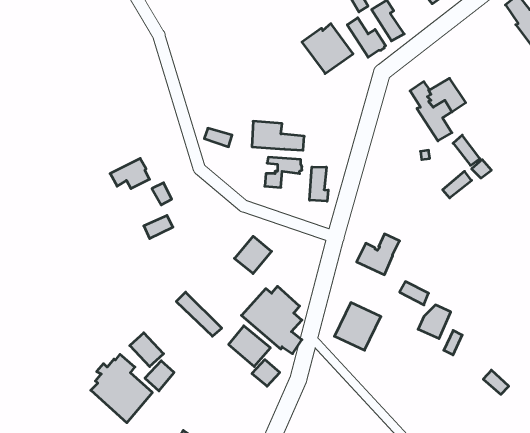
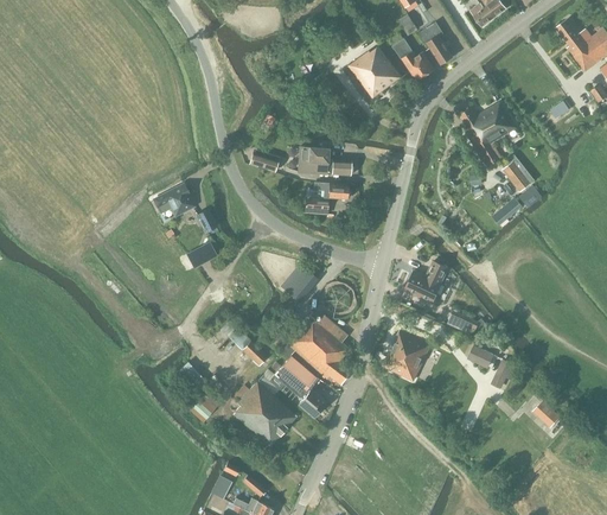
building: [310,167,328,201] -> none
building: [91,354,152,423] -> [232,376,295,446]

